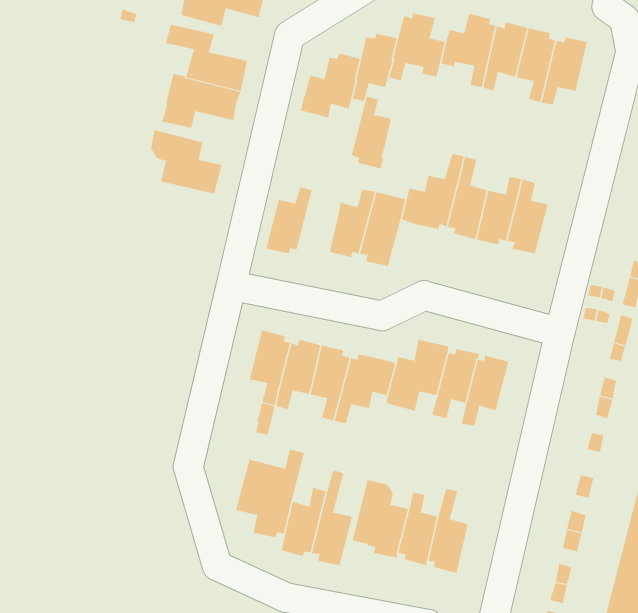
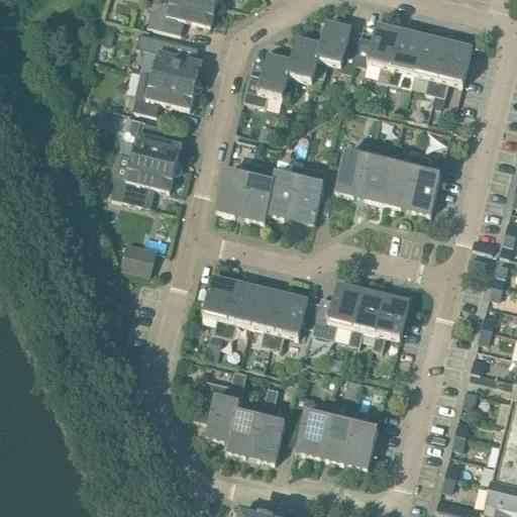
building: [351,96,391,169] -> [241,164,274,222]
building: none -> [109,152,176,206]
building: none -> [120,246,157,276]

